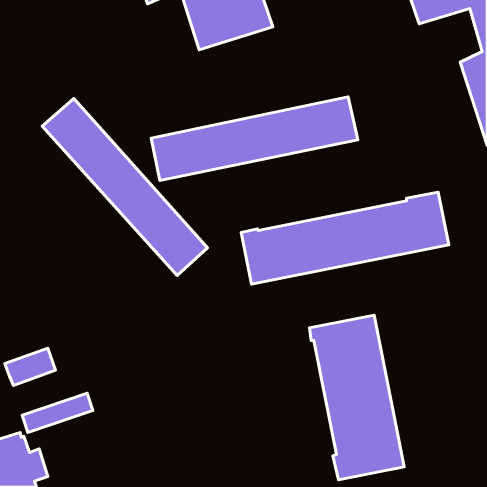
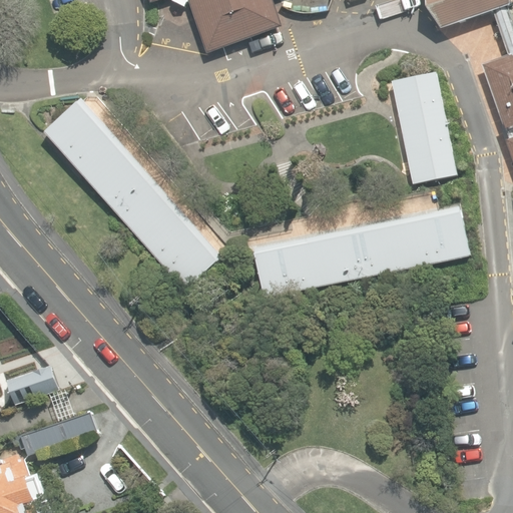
building: none -> [391,71,459,182]
building: [151,97,358,180] -> none
building: [309,315,404,480] -> none

